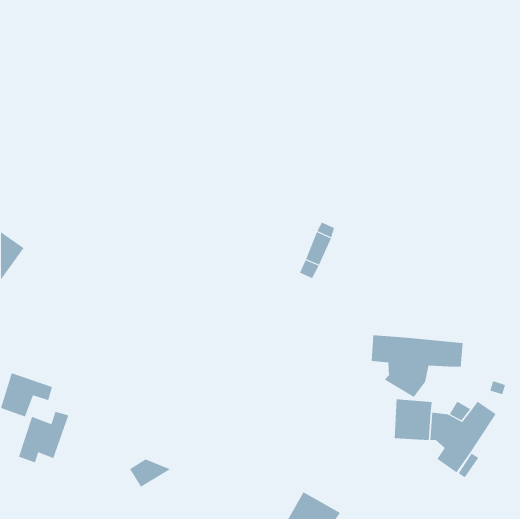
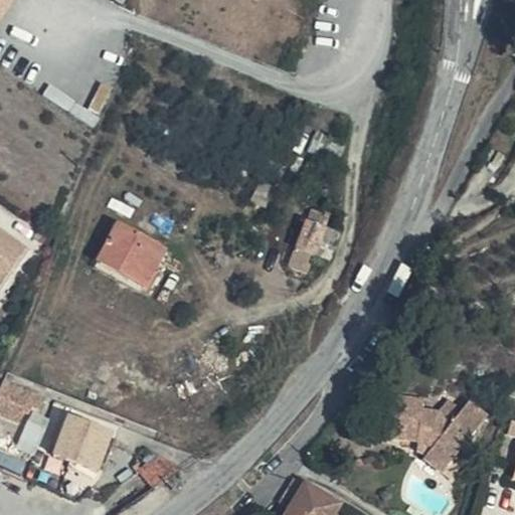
building: none -> [91,222,161,287]
building: [371,335,463,398] -> none
building: none -> [60,412,114,461]

